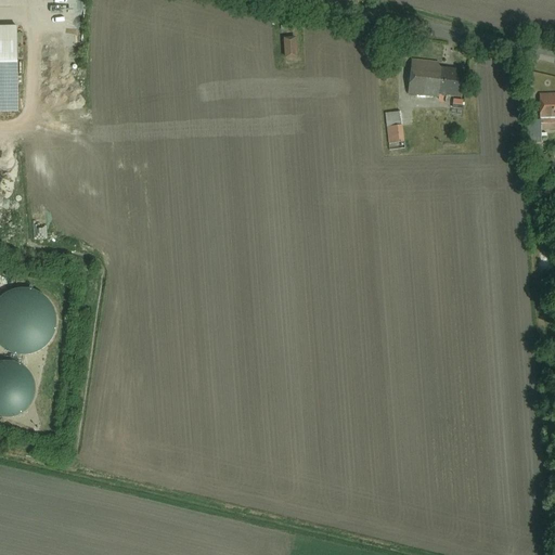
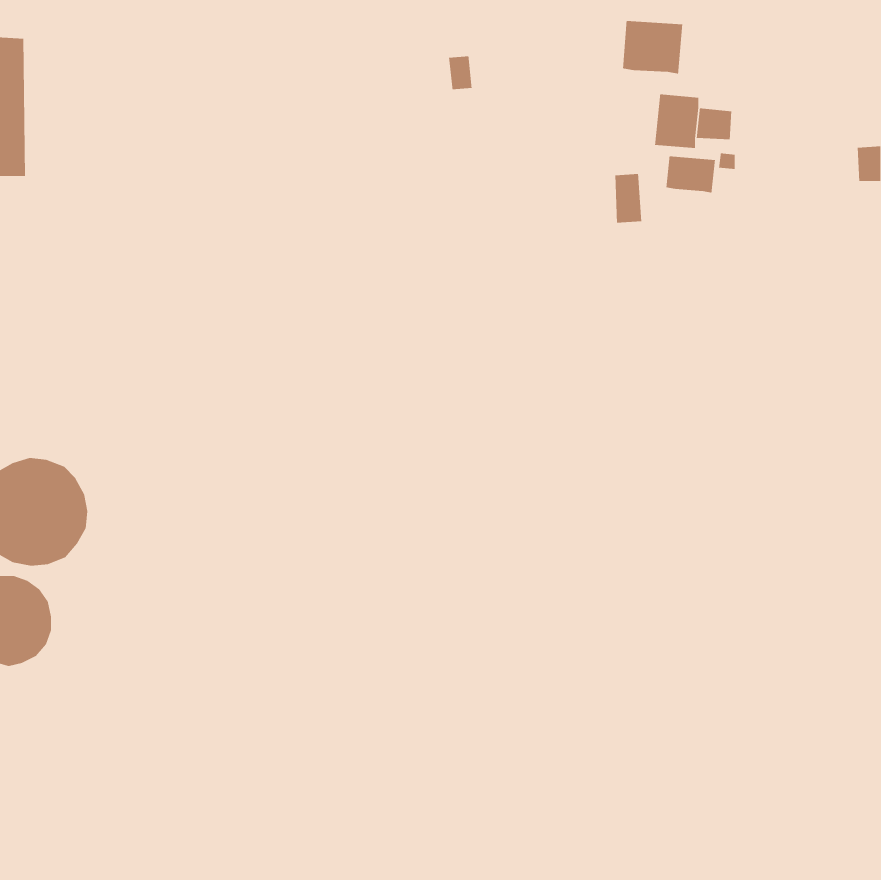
building: none -> [622,20,683,74]
building: none -> [666,155,716,193]

